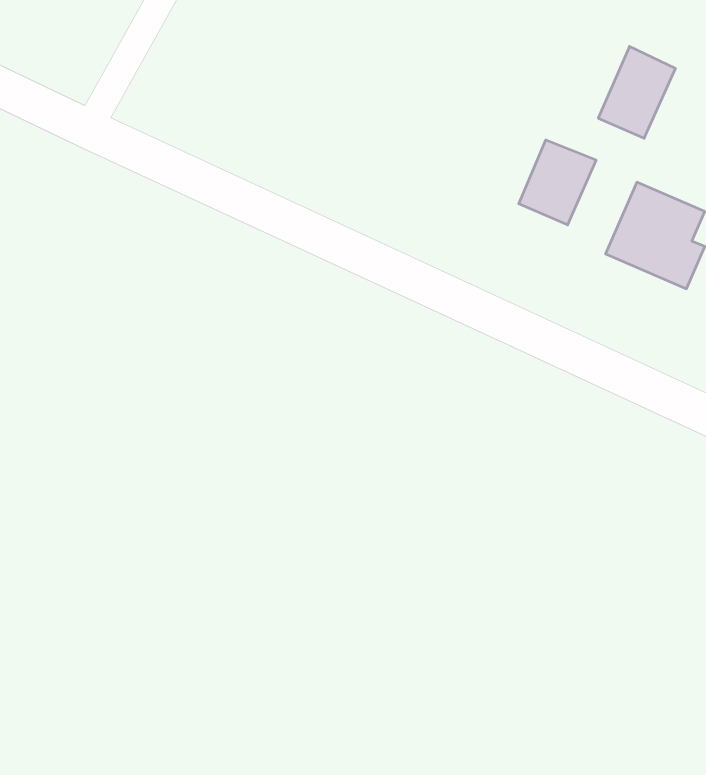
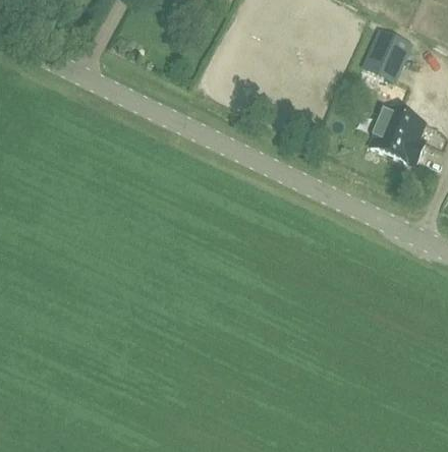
building: [519,140,596,225] -> none

